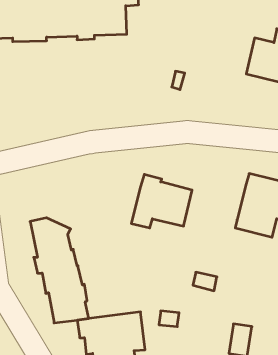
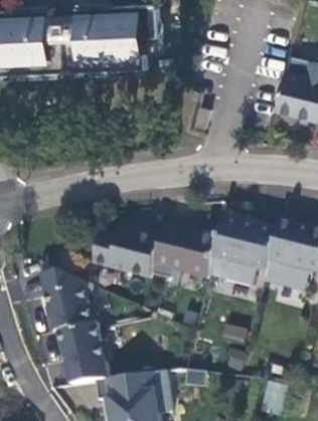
building: none -> [211,218,280,287]
building: none -> [97,227,164,278]

